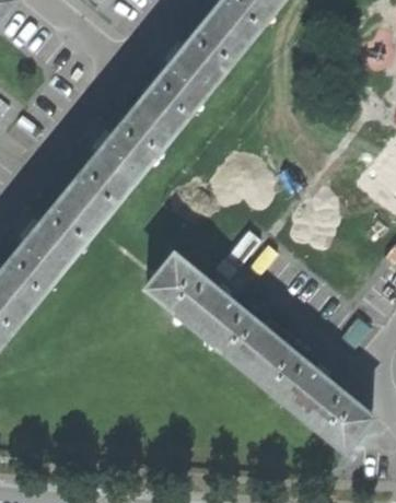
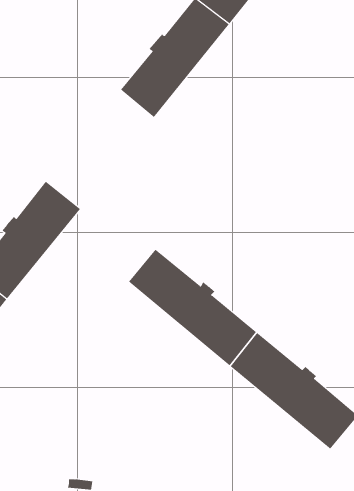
building: [69,97,174,213] -> none

